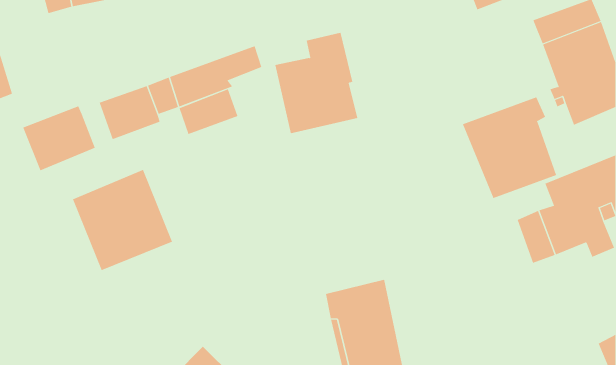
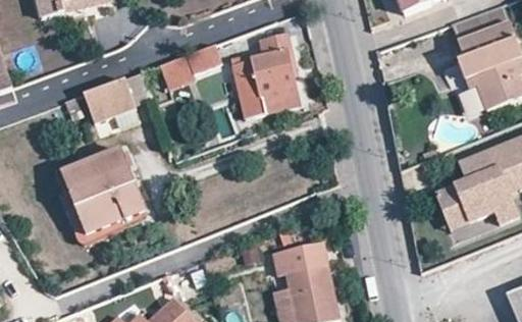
building: [179,89,238,135] -> none
building: [462,97,557,199] -> none
building: [22,106,96,171] -> none

